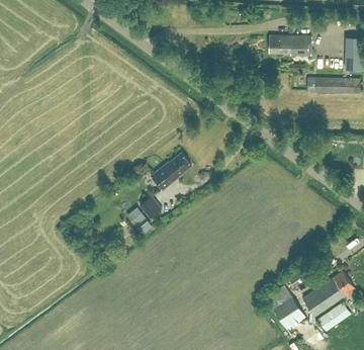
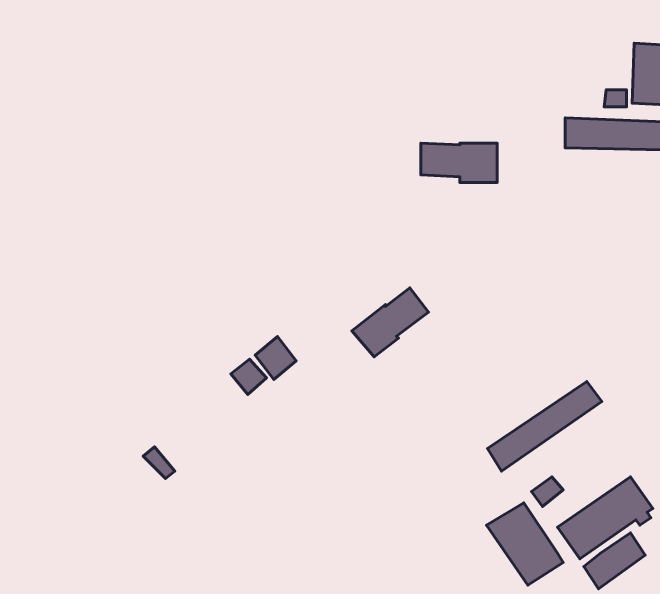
building: [270,34,311,56] -> [421,143,497,182]
building: [151,152,192,189] -> [352,288,428,357]
building: none -> [487,382,602,471]

